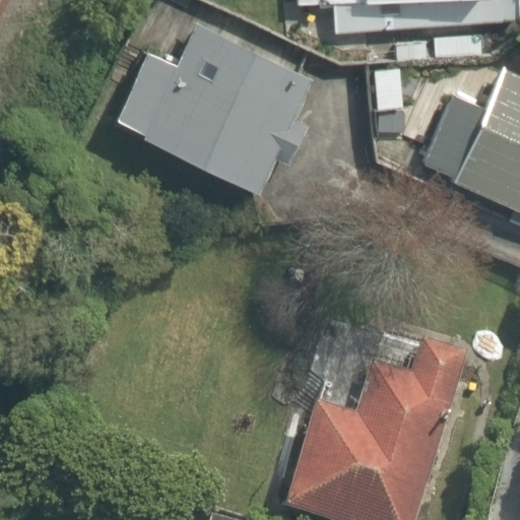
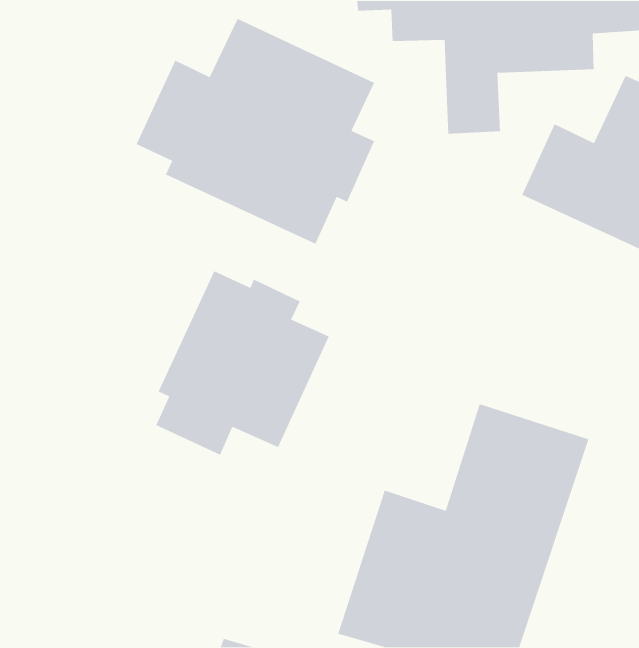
building: none -> [155,270,330,456]

